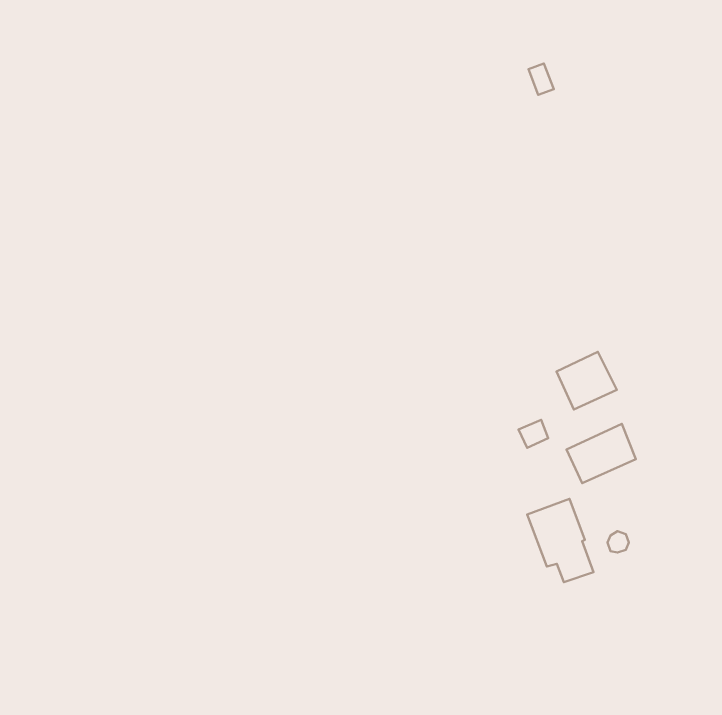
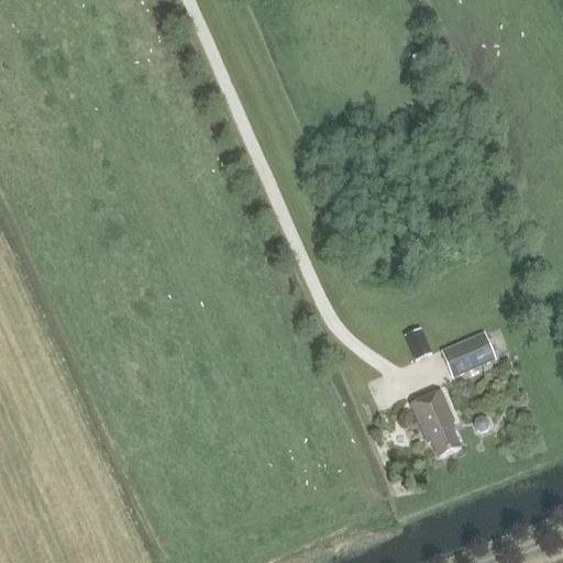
building: [557,352,617,409] -> none

